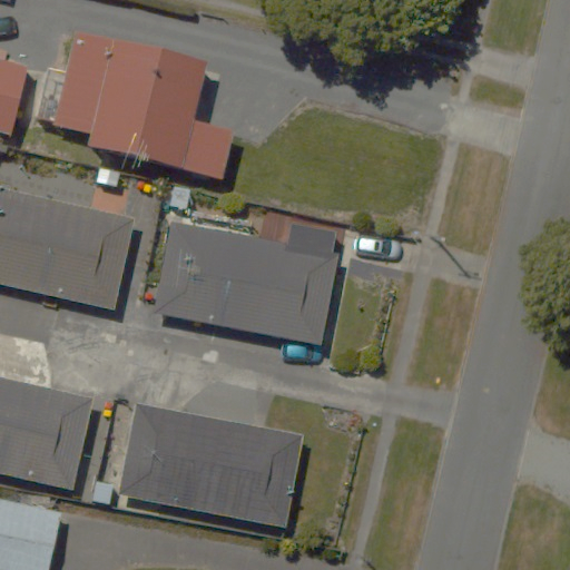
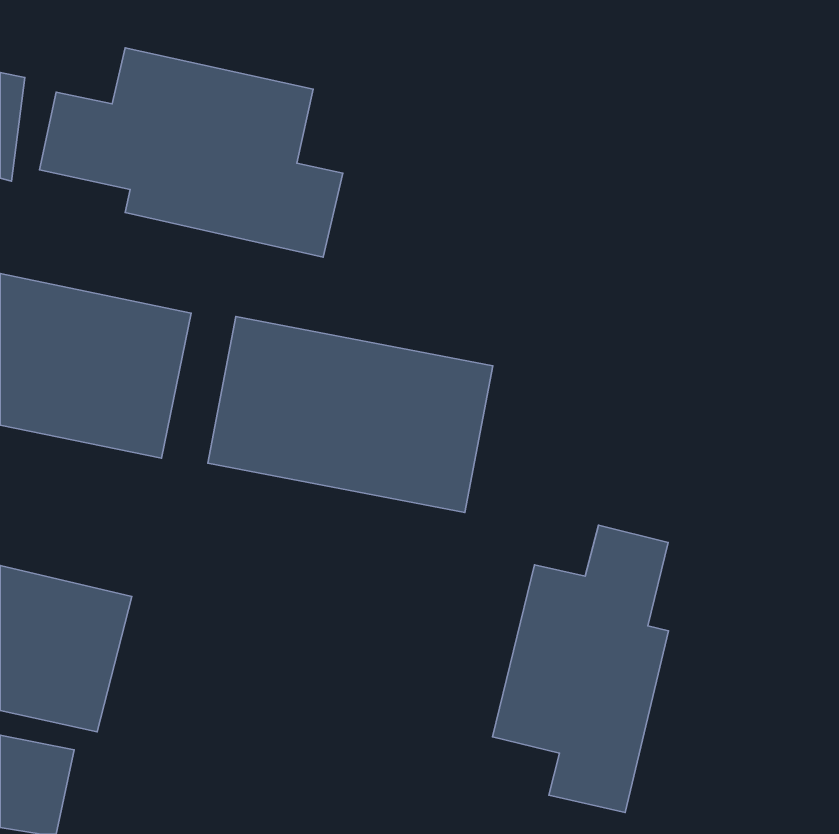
building: none -> [492,525,669,813]
building: [105,395,309,534] -> none

